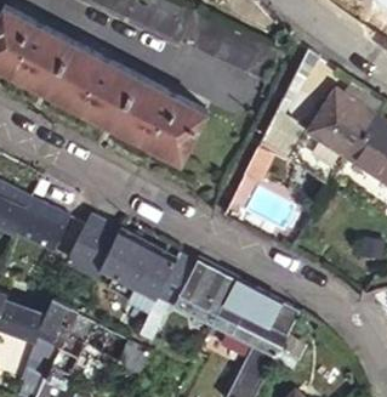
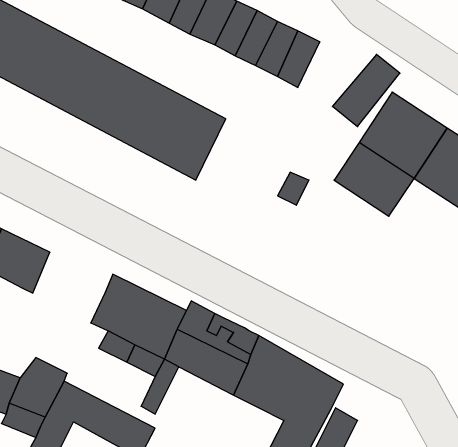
building: [66,217,116,277] -> none

